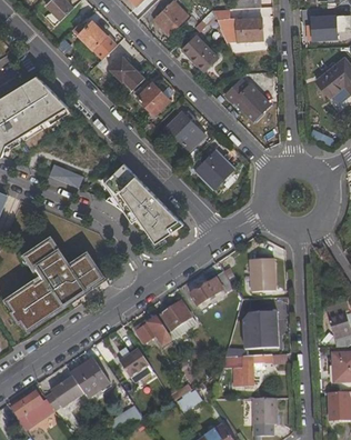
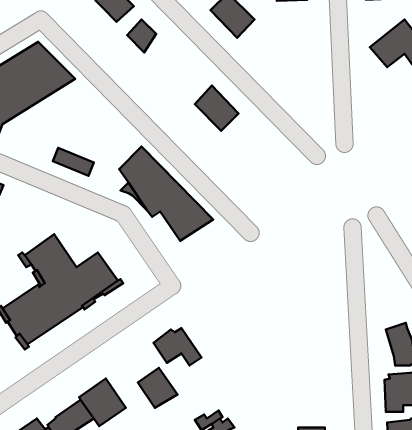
building: [223,78,269,120] -> none
building: [137,82,170,114] -> none
building: [197,151,232,188] -> none
building: [250,258,275,291] -> none
building: [190,271,234,306] -> none
building: [160,296,191,331] -> none
building: [243,312,278,349] -> none
building: [222,353,287,387] -> none

